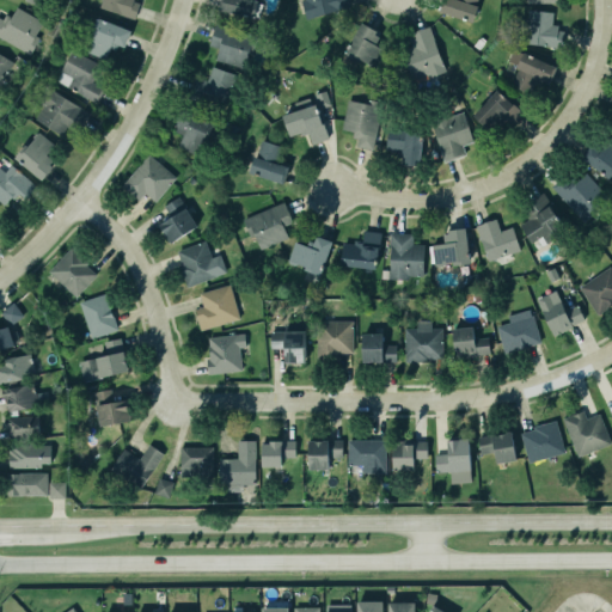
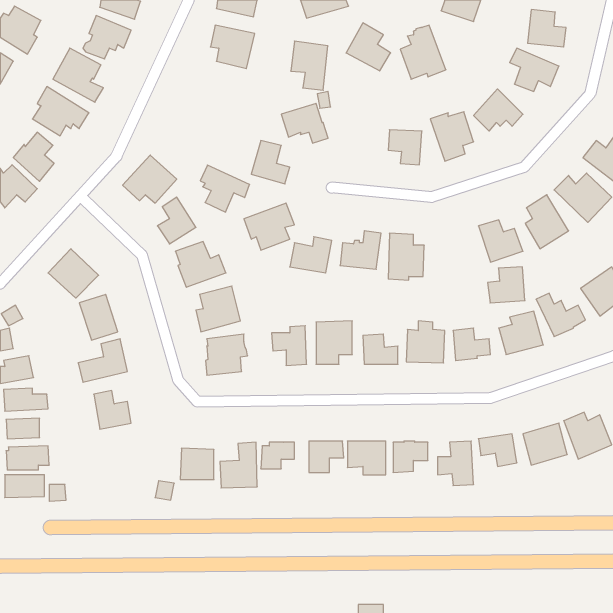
building: [190,68,239,111] -> none
building: [343,102,380,151] -> [291,41,328,90]
building: [172,110,221,157] -> [200,165,250,212]
building: [433,231,470,267] -> [488,267,525,303]
building: [109,445,163,490] -> none

